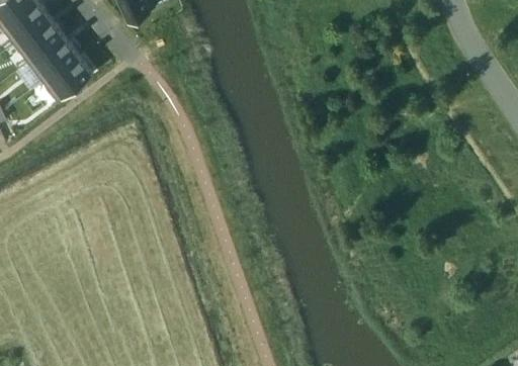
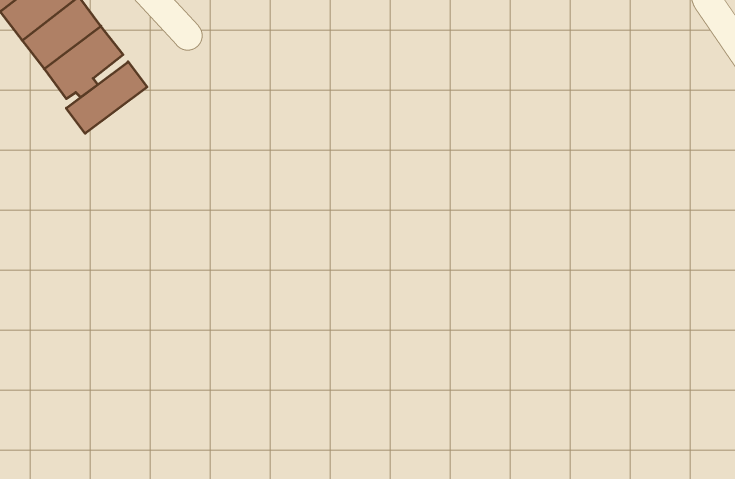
building: none -> [66,62,147,133]

